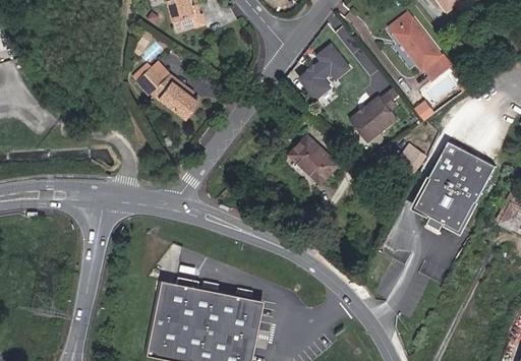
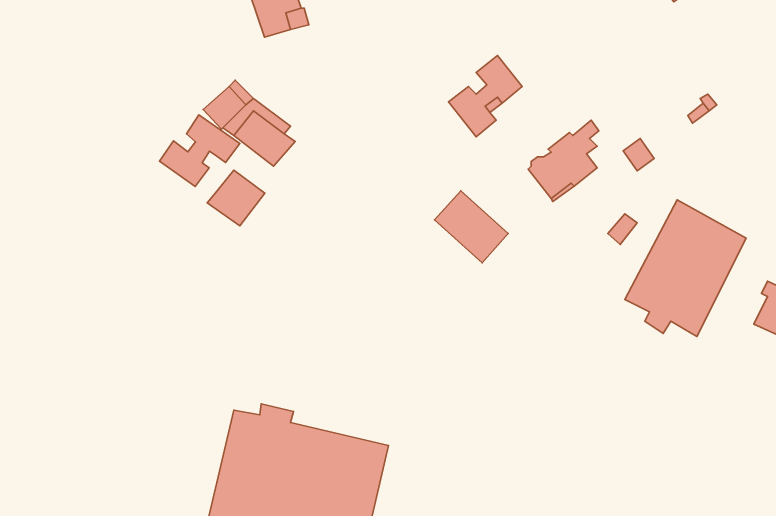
building: [394,17,451,78] -> none
building: none -> [160,115,240,187]
building: none -> [207,170,265,226]

